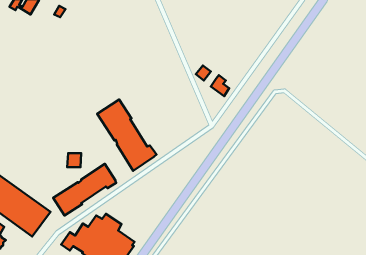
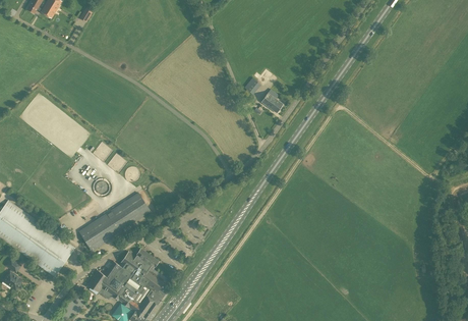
building: [97,100,156,171] -> none

